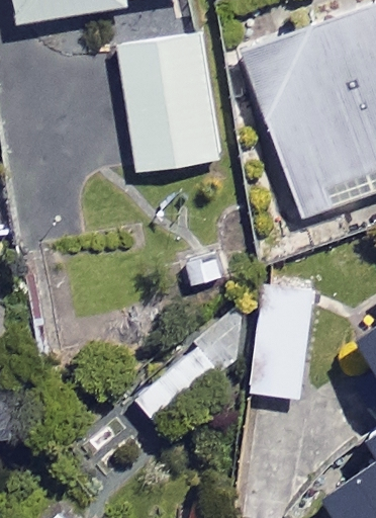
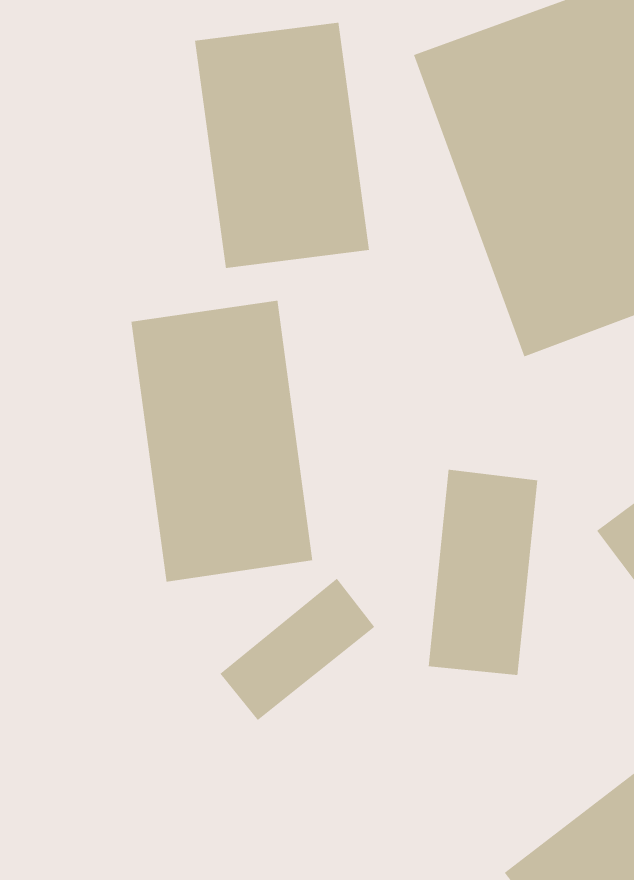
building: none -> [131,300,313,582]

